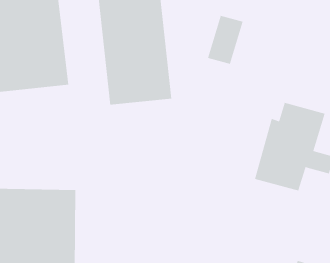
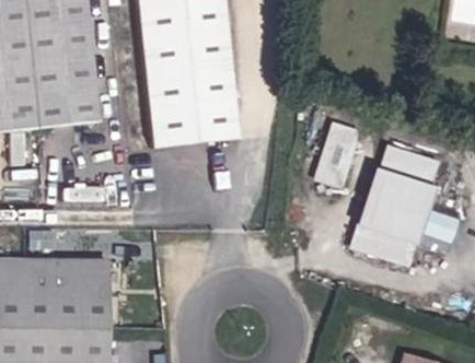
building: [207,15,244,65] -> [316,119,366,186]

